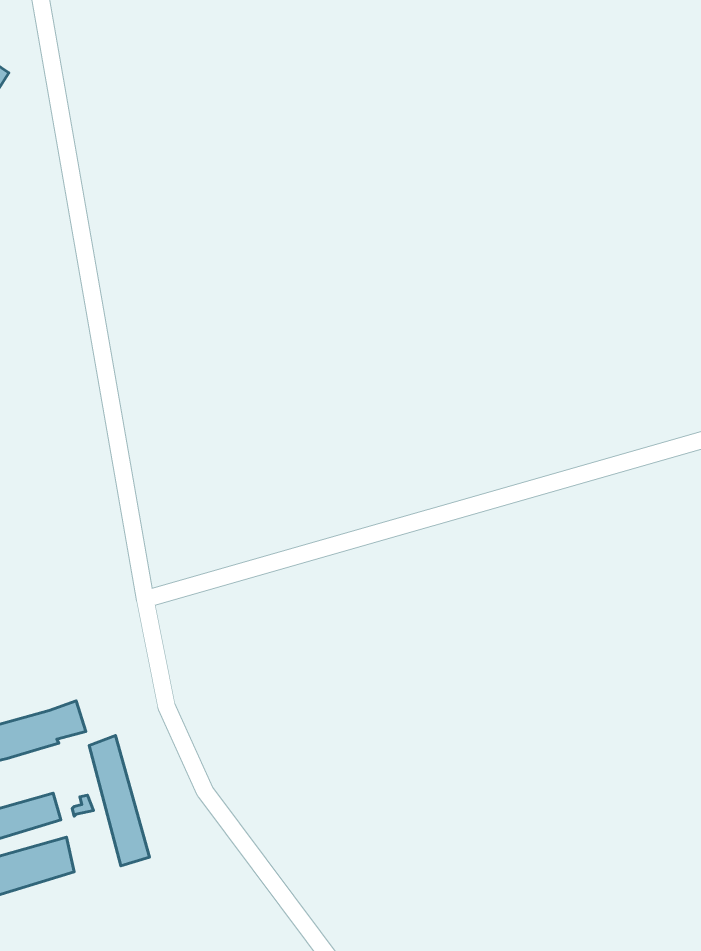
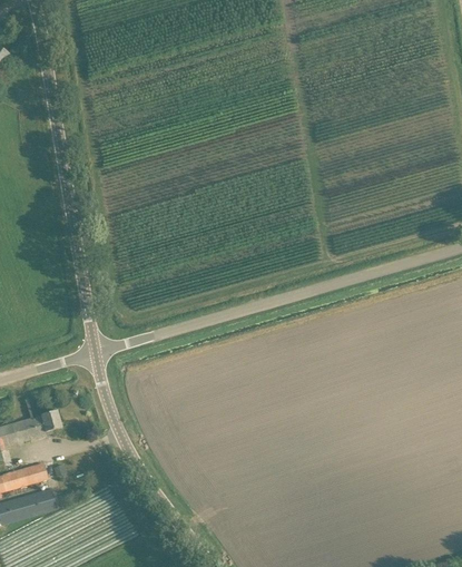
building: [89,735,150,866] -> none

